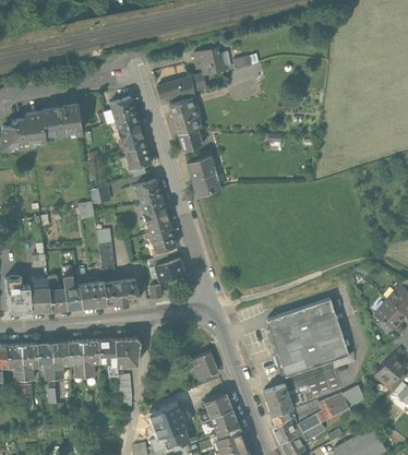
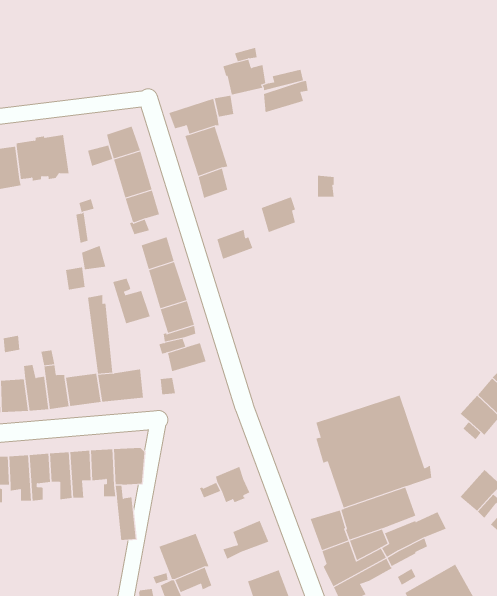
building: [187,154,213,181] -> [261,196,296,233]
building: none -> [113,278,150,324]
building: [211,408,239,436] -> none

